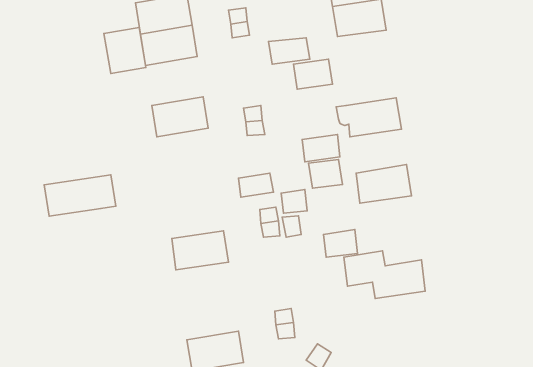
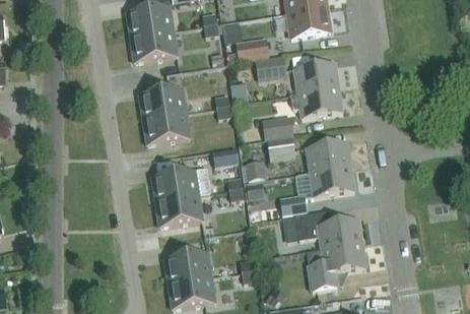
building: [104,27,146,74] -> none
building: none -> [293,63,338,93]
building: none -> [144,112,190,144]
building: [44,175,116,216] -> [152,168,210,201]
building: none -> [309,167,354,197]
building: none -> [308,244,365,291]
building: none -> [164,252,210,284]

